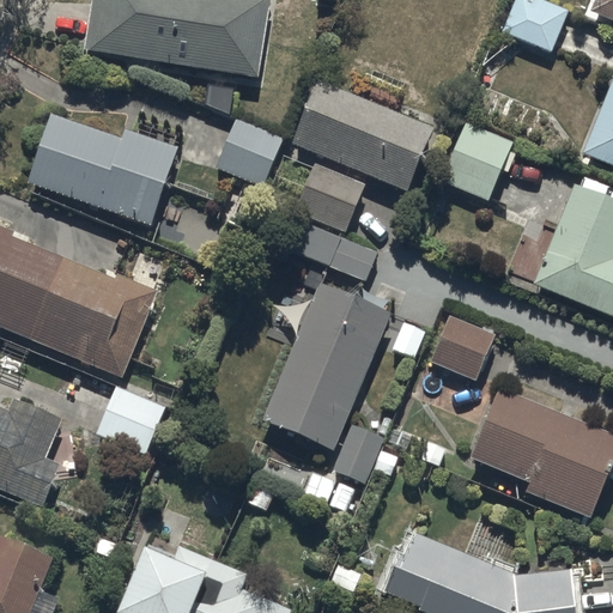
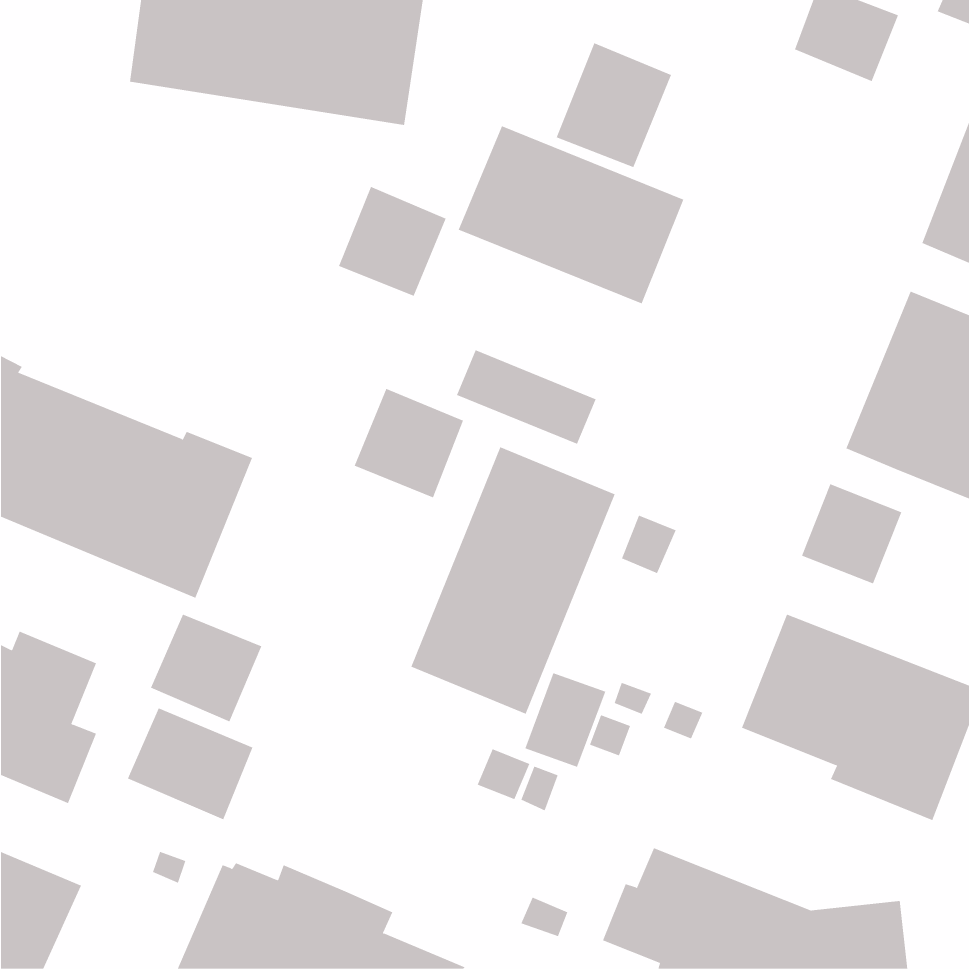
building: [28,113,178,224] -> none
building: [439,121,512,200] -> [556,43,672,168]
building: [293,163,363,232] -> [354,388,464,498]
building: [430,316,493,380] -> [801,484,902,584]
building: none -> [127,707,253,820]

